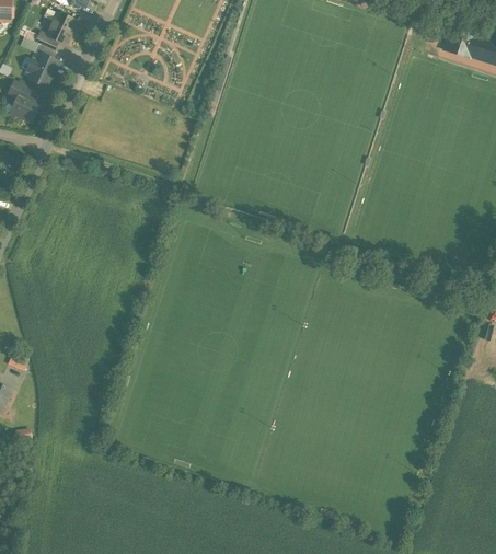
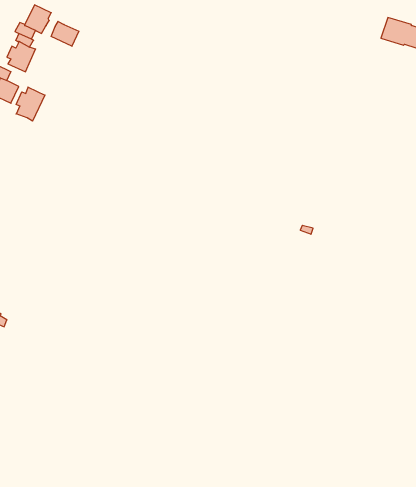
building: none -> [51,21,79,46]
building: none -> [16,87,45,121]

